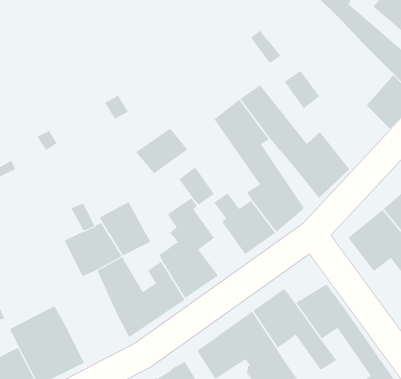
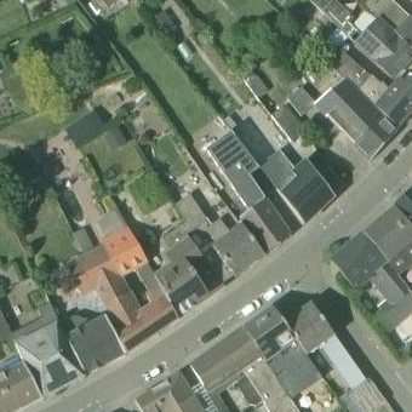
building: none -> [315,76,373,135]
building: [135,128,188,174] -> none
building: none -> [68,324,127,372]

